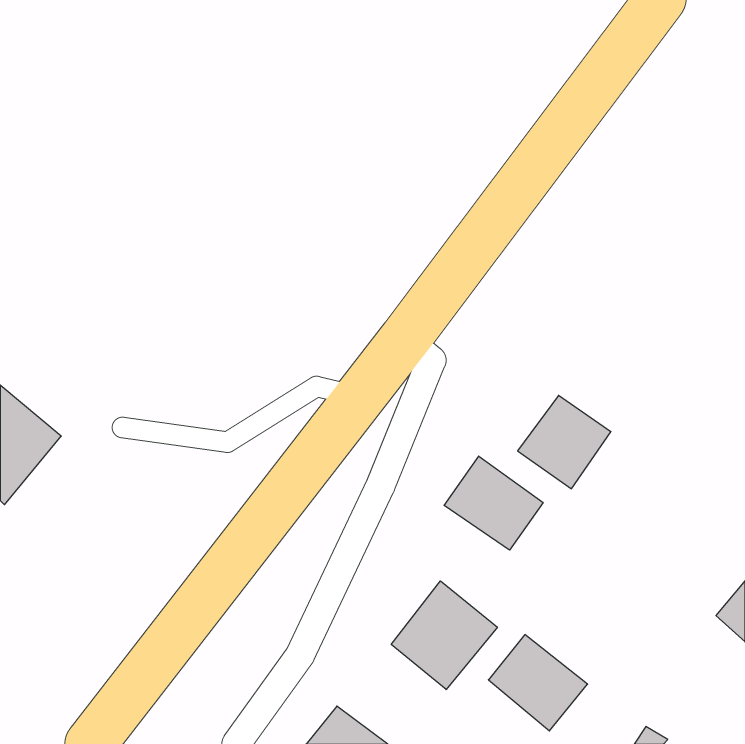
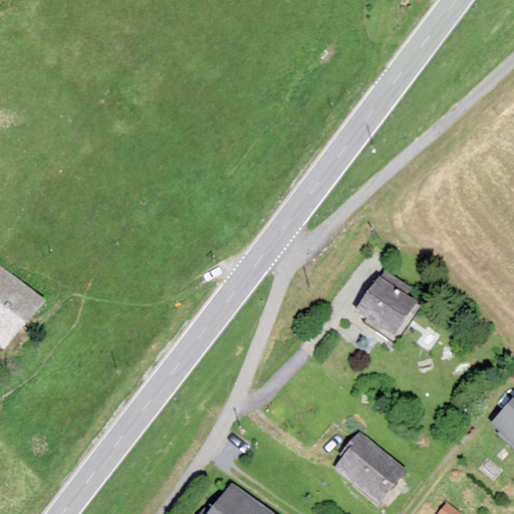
building: [444,456,543,550] -> none
building: [391,581,497,690] -> none

